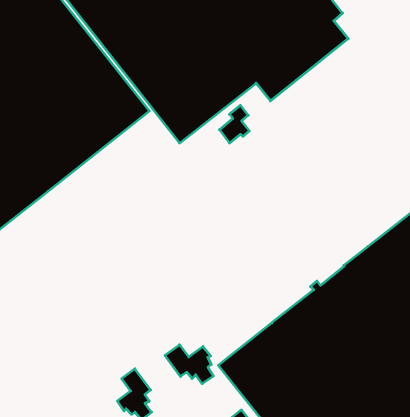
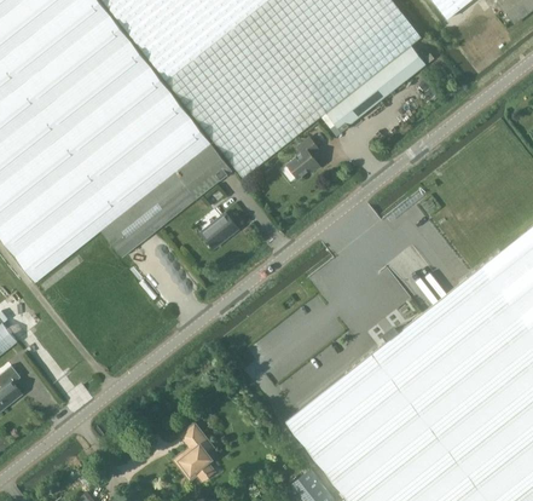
building: none -> [100,143,232,257]
building: none -> [199,212,238,248]
building: [165,345,213,384] -> none

